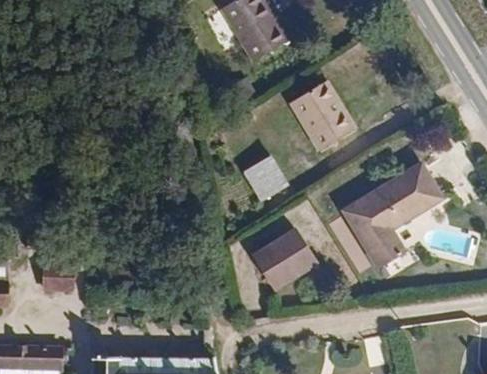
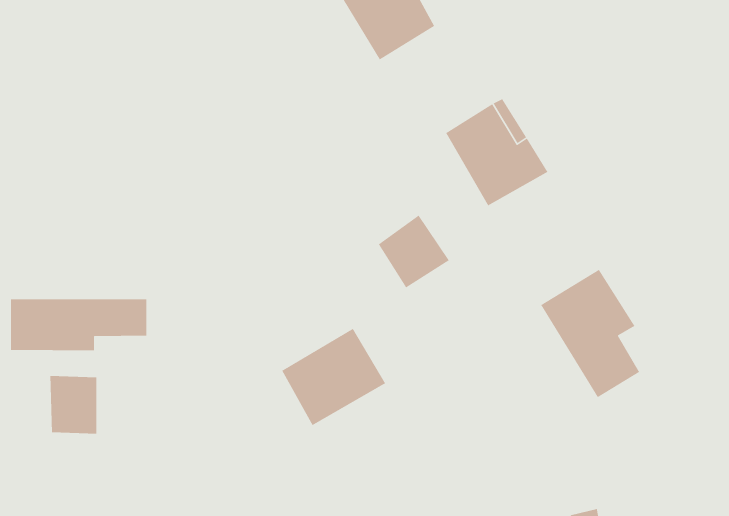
building: [380,164,443,224] -> none
building: none -> [10,299,147,351]
building: [255,224,319,284] -> [281,328,386,426]

